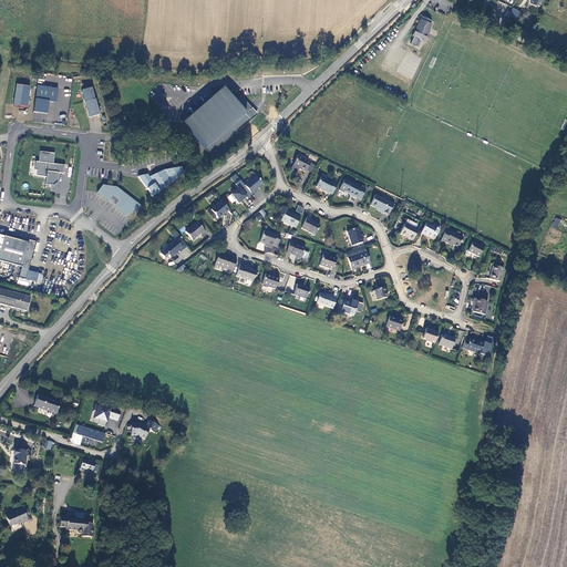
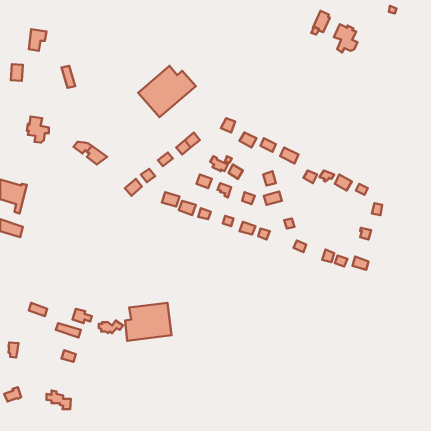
building: none -> [334,24,357,52]
building: [34,86,58,115] -> [29,29,47,51]
building: [138,167,186,197] -> none
building: none -> [125,303,172,341]

